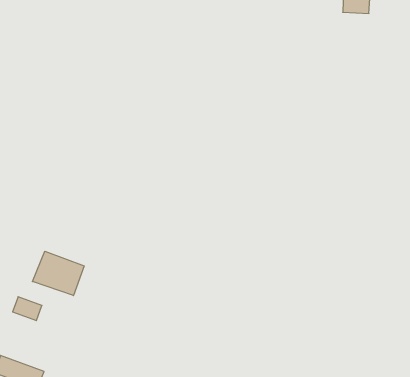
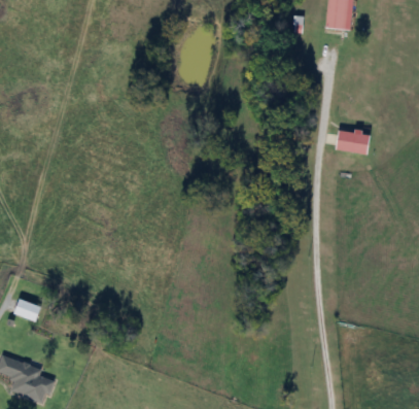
building: none -> [336,129,370,155]
building: [32,251,84,296] -> none

